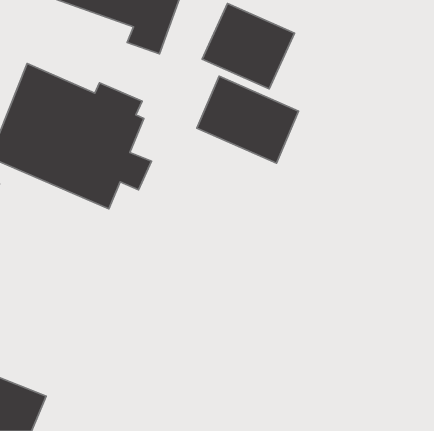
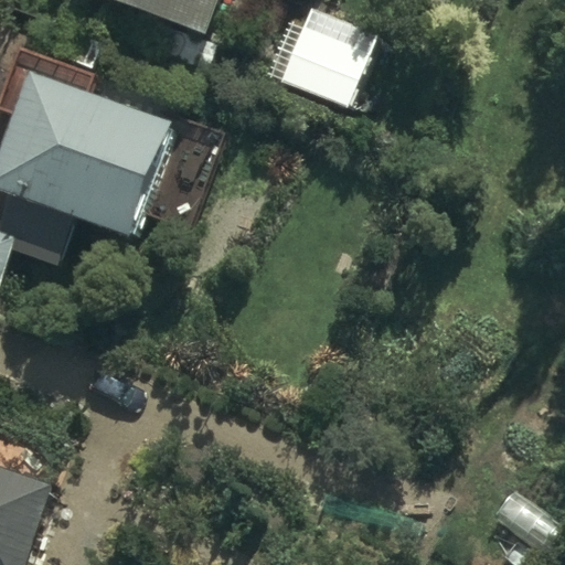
building: [197,76,299,163] -> none

